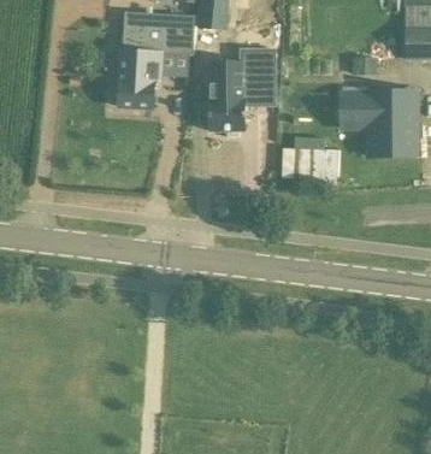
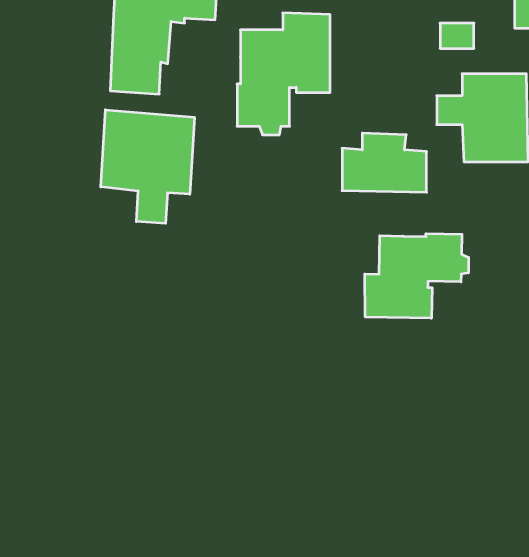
building: none -> [101,110,194,223]
building: none -> [365,234,469,318]

